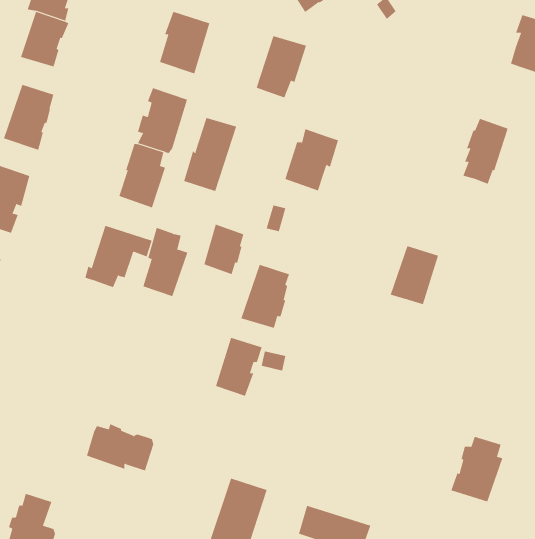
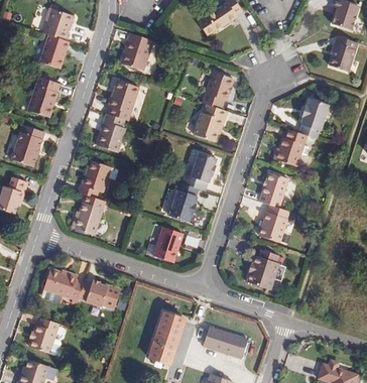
building: [256,35,307,98] -> [205,71,235,108]
building: [184,117,237,192] -> none
building: none -> [278,128,309,164]
building: [203,224,244,275] -> [193,151,217,181]
building: [142,227,188,297] -> [75,194,102,235]
building: none -> [258,205,287,241]
building: none -> [42,270,82,305]
building: [450,436,503,502] -> [248,249,279,288]

